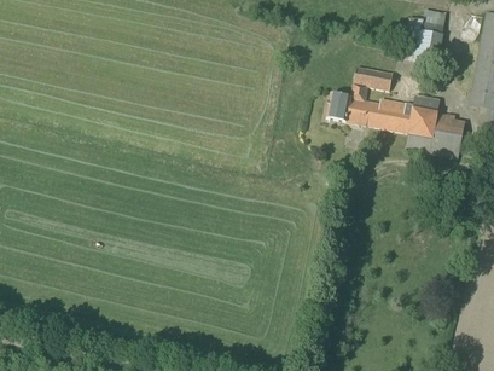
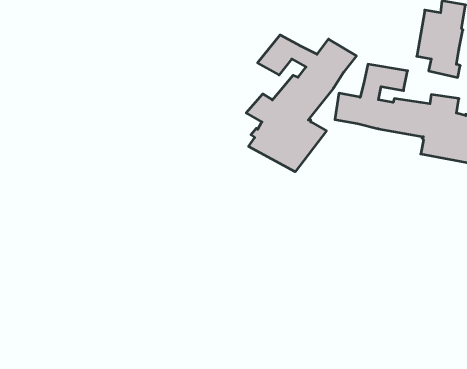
building: none -> [246,35,356,172]

